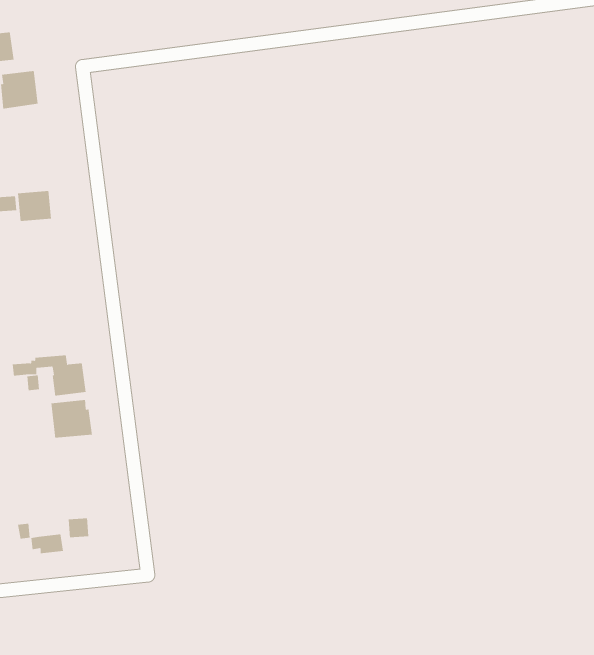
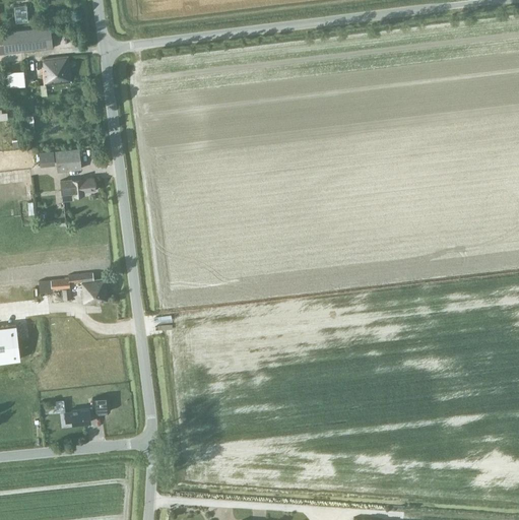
building: none -> [60,177,95,200]
building: [51,399,92,438] -> none

